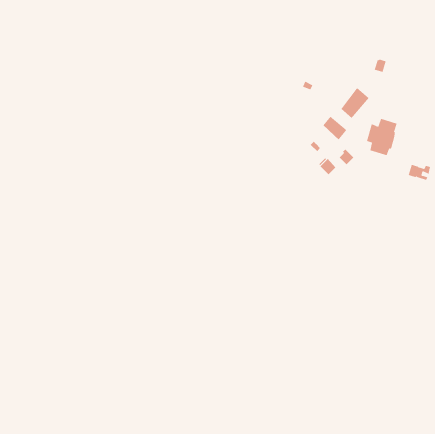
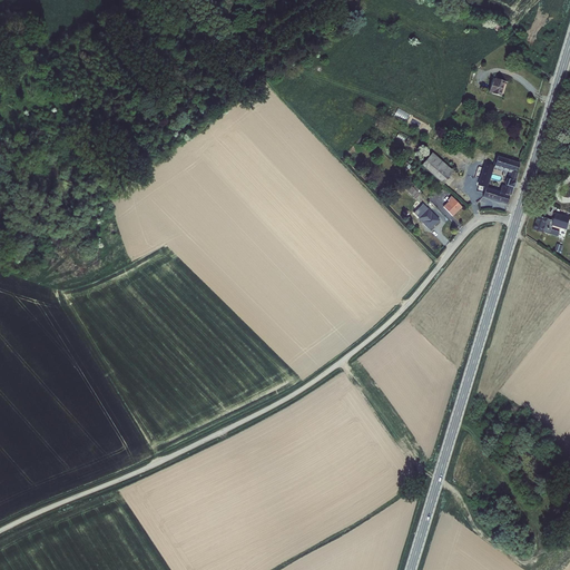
building: [340,87,369,119] -> none

